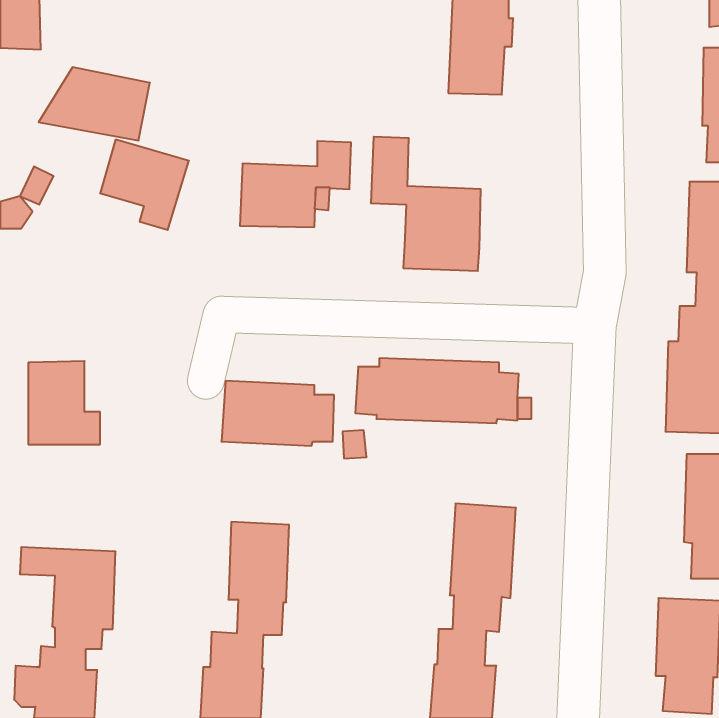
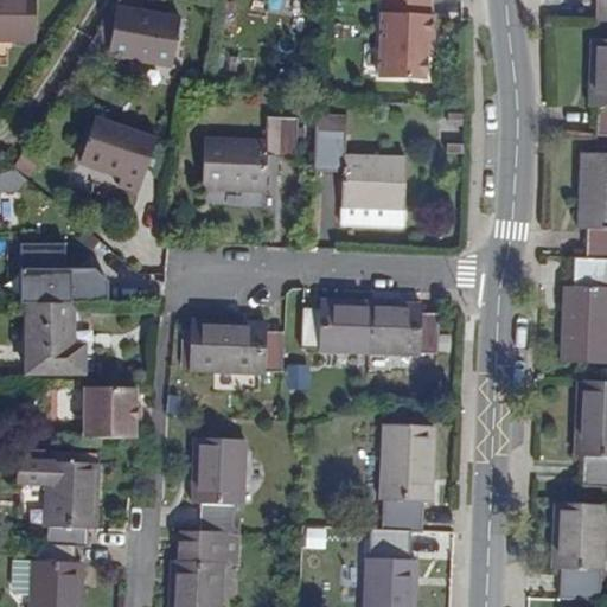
building: [39,67,150,141] -> [85,6,179,68]
building: none -> [20,239,111,296]
building: none -> [84,386,136,439]

